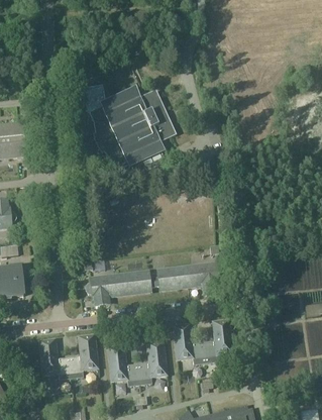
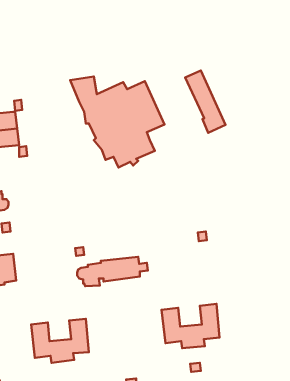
building: none -> [185,70,226,133]
building: [157,264,222,289] -> none
building: [107,339,167,386] -> none

